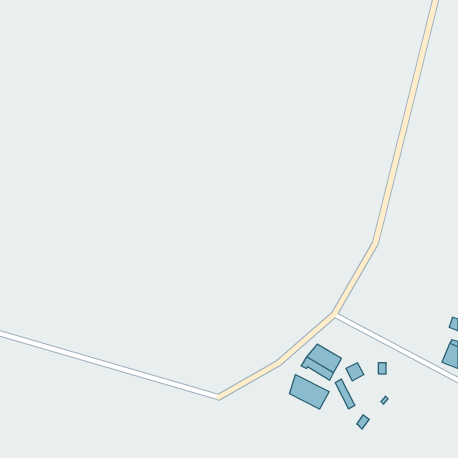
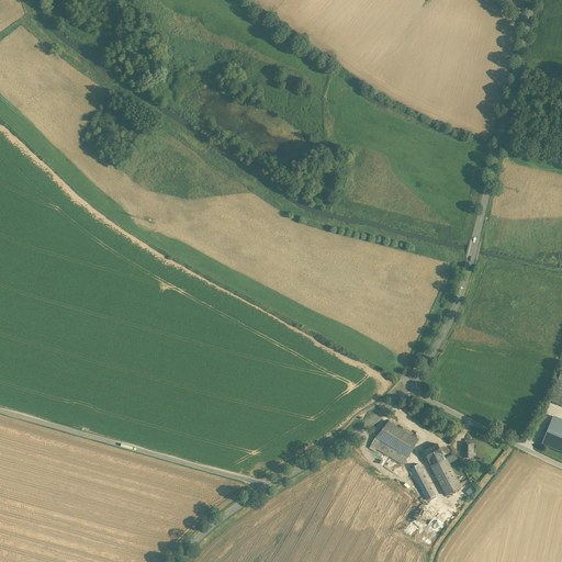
building: [290,375,329,409] -> none
building: none -> [431,459,462,495]

